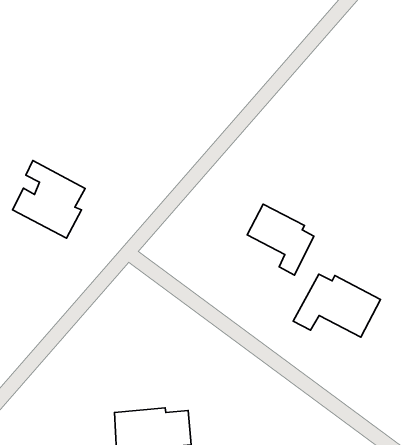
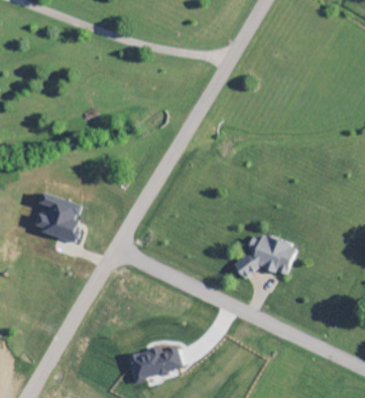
building: [247,204,314,275] -> none

